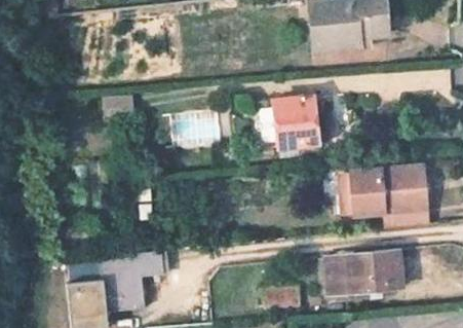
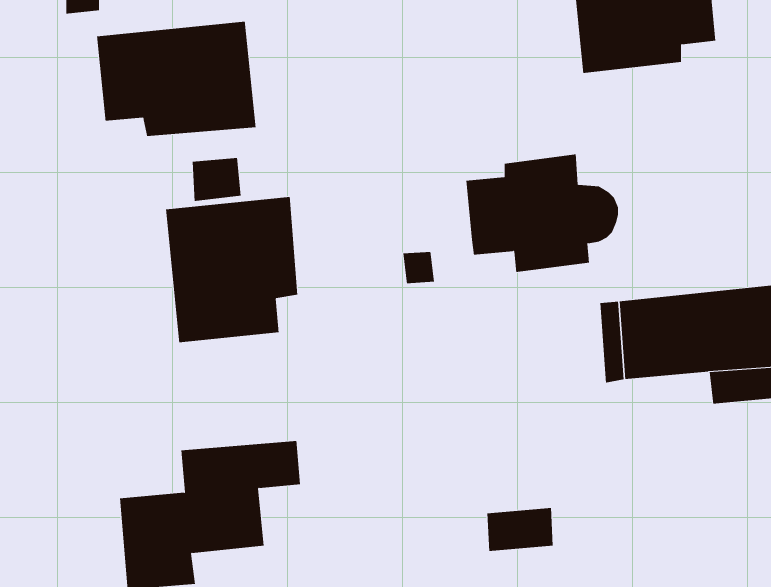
building: none -> [97,21,256,137]
building: none -> [165,196,298,343]
building: [326,252,402,294] -> none

